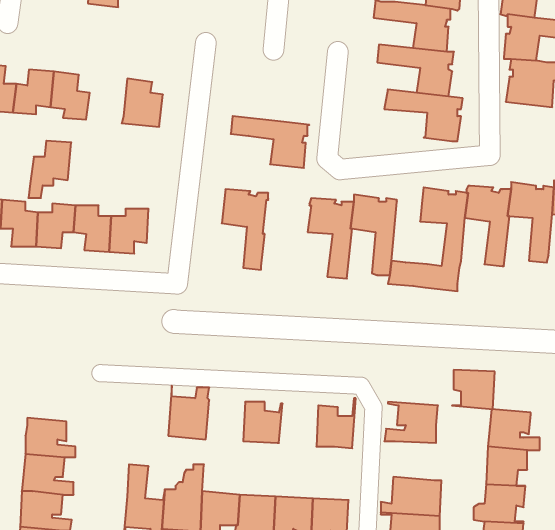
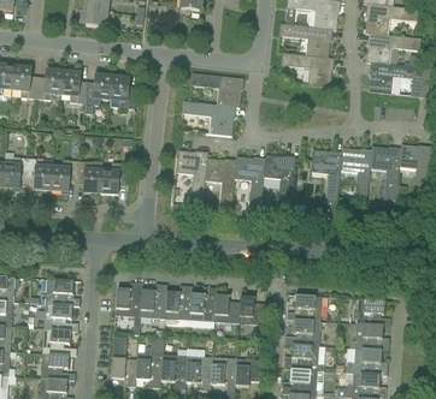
building: [384,89,463,141] -> [189,72,242,107]
building: [28,141,71,198] -> [83,75,112,113]
building: none -> [204,157,236,212]
building: [452,370,495,409] -> [291,320,320,346]
building: none -> [45,279,79,306]
building: none -> [114,281,142,316]
building: none -> [165,292,192,320]
building: none -> [214,294,241,323]

